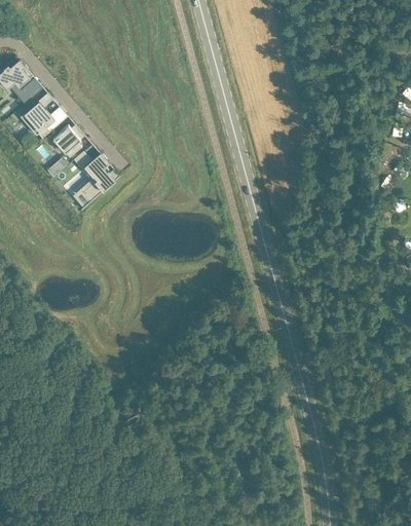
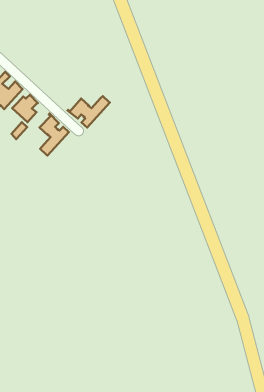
building: none -> [67,96,110,127]

